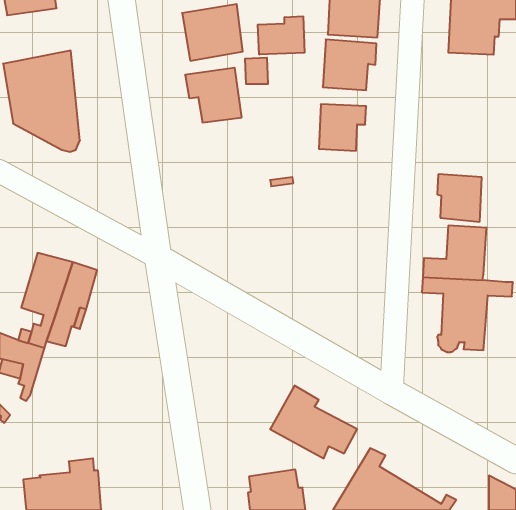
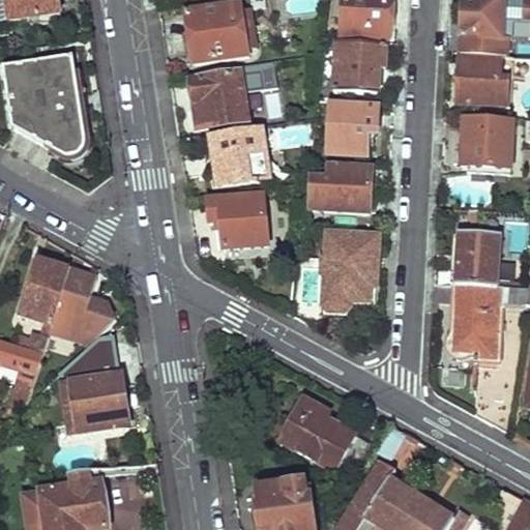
building: [258,16,304,55] -> none
building: none -> [457,59,506,104]
building: none -> [211,125,270,184]
building: none -> [310,166,370,211]
building: [437,174,482,222] -> [464,119,509,168]
building: none -> [208,192,270,245]
building: none -> [322,232,379,312]
building: none -> [62,332,126,424]

